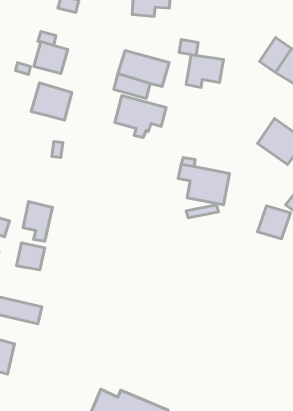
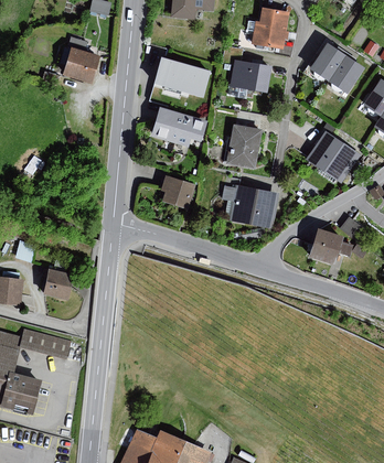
building: none -> [253,9,289,50]
building: [31,83,72,120] -> none
building: none -> [226,125,262,169]
building: none -> [160,175,194,209]
building: [23,202,52,241] -> none

